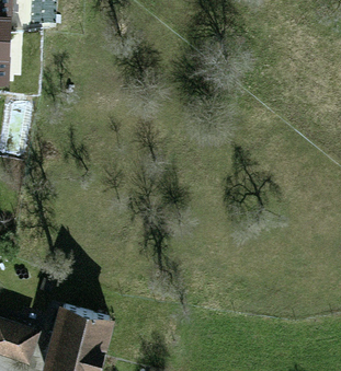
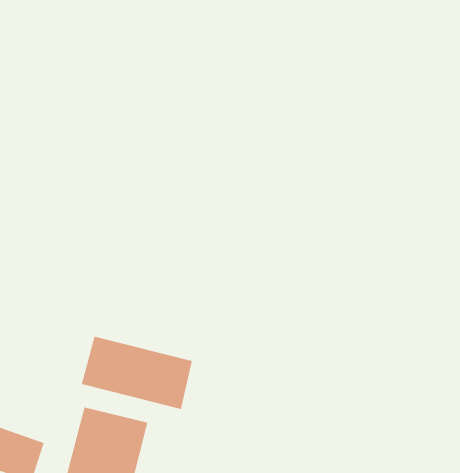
building: none -> [81,336,193,410]

